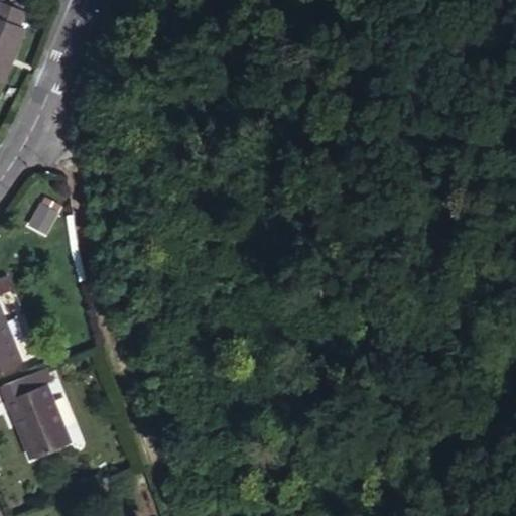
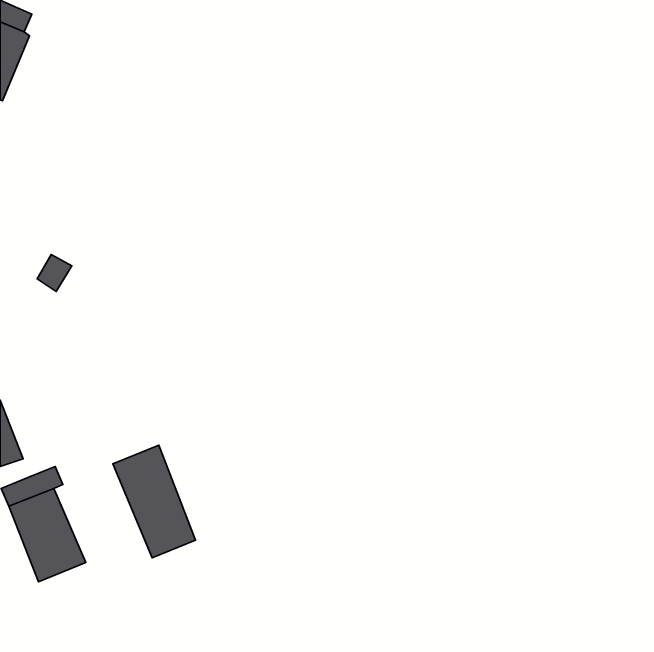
building: none -> [113,445,196,558]

